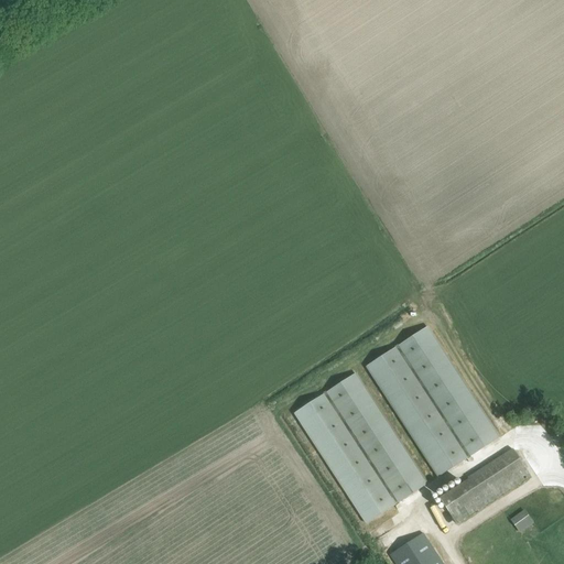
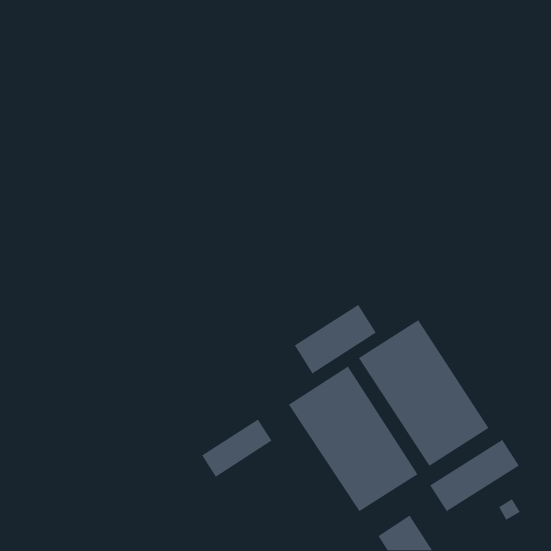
building: none -> [294,304,377,374]
building: none -> [201,418,272,478]

